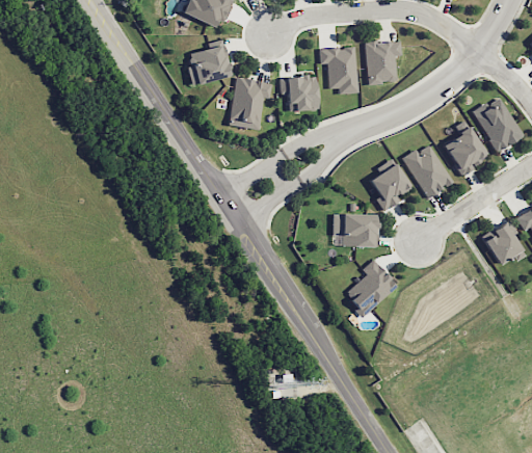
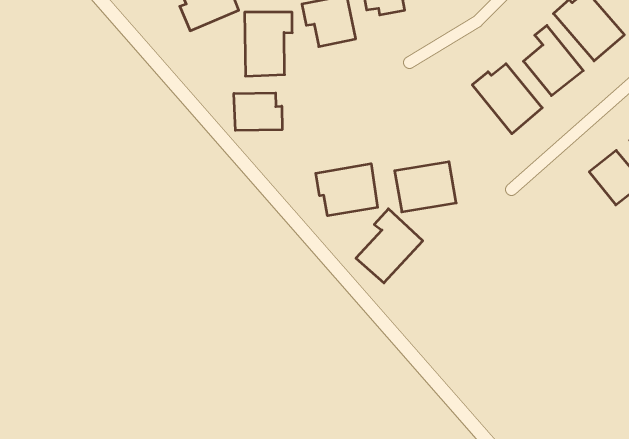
building: none -> [234,93,282,130]
building: [370,158,411,211] -> none
building: none -> [316,164,378,216]
building: [345,259,398,315] -> [356,209,423,283]

